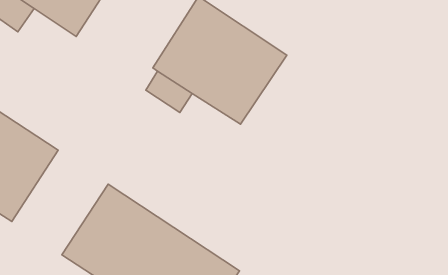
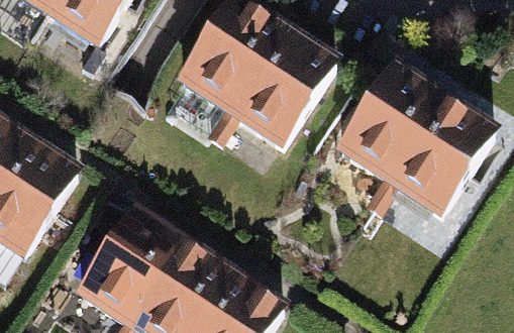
building: none -> [336,68,488,212]

